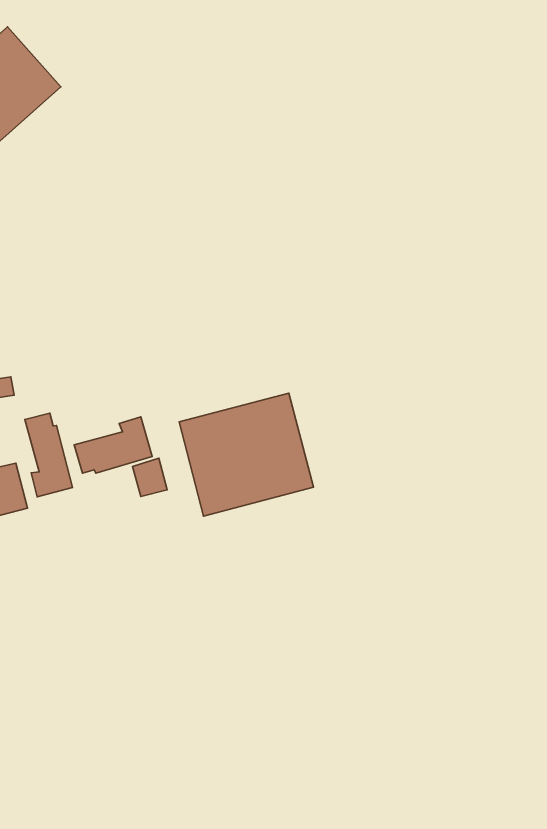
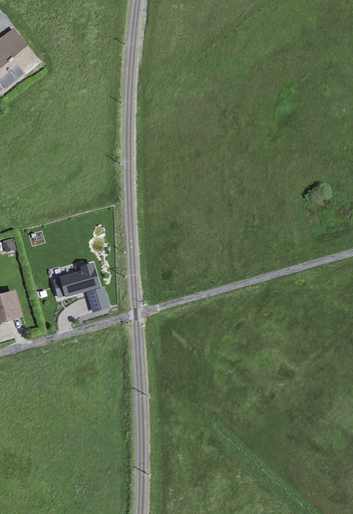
building: [179,393,313,516] -> none
building: [25,413,72,497] -> none

